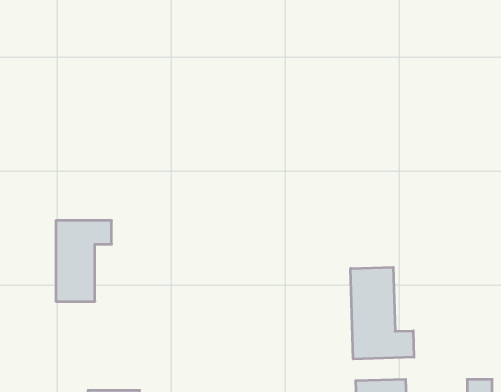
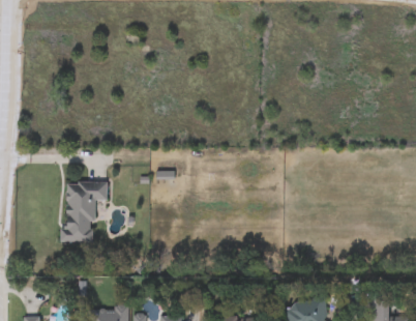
building: [351,267,414,359] -> none

